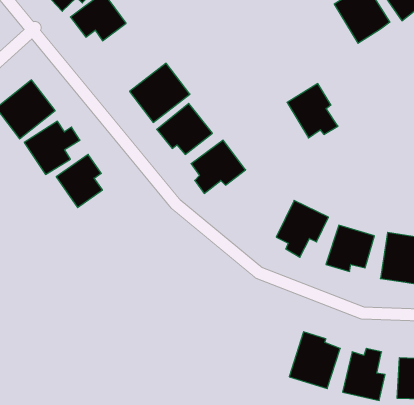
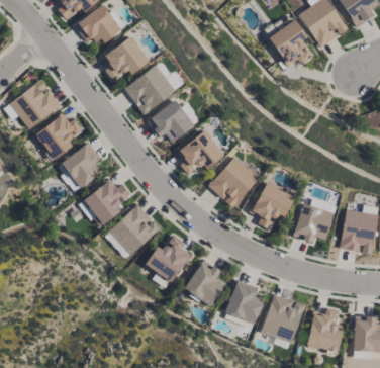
building: none -> [102,36,149,81]
building: [287,84,338,138] -> [269,20,312,67]
building: none -> [208,156,259,208]
building: none -> [83,179,130,225]
building: none -> [108,205,161,255]
building: none -> [145,235,189,282]
building: none -> [184,259,226,306]
building: none -> [224,280,265,325]

